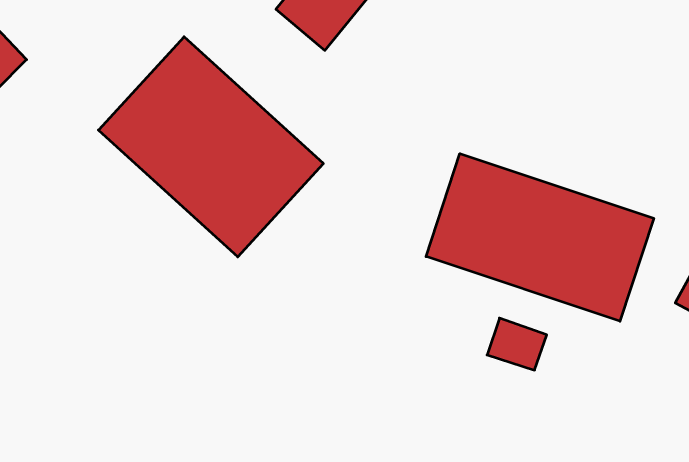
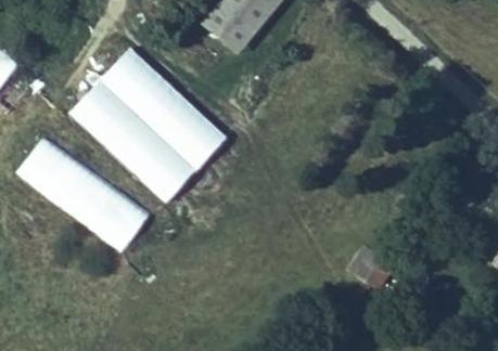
building: [426,154,654,321] -> none
building: none -> [16,138,145,254]

